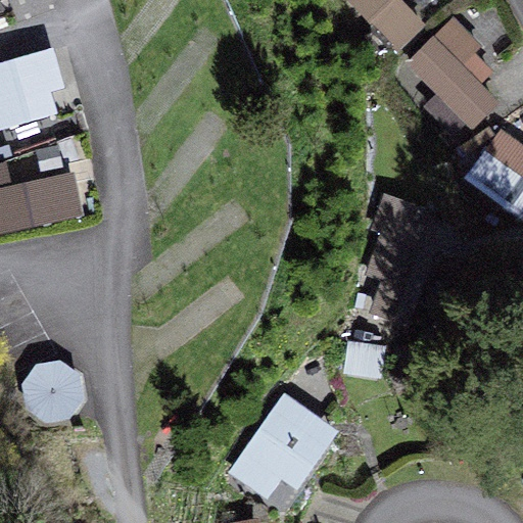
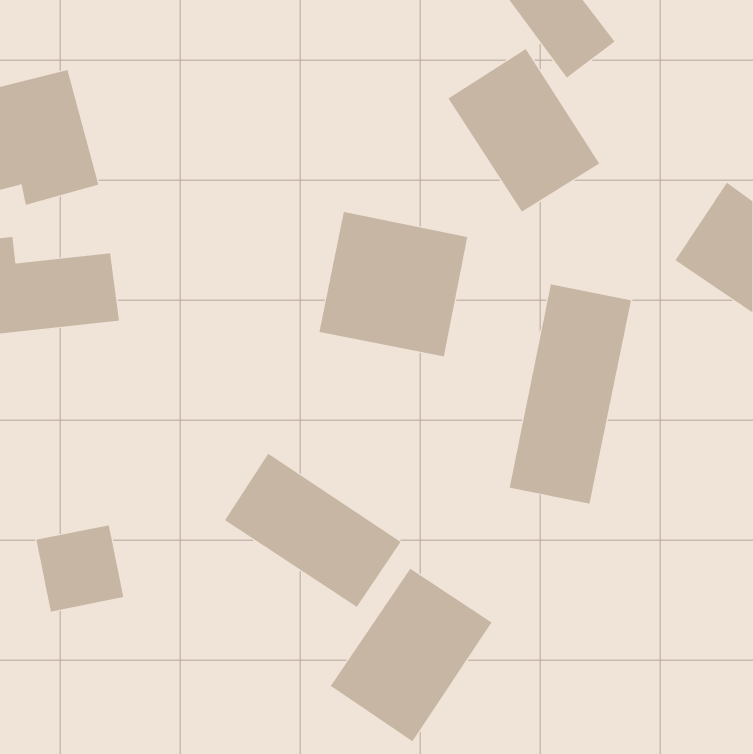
building: [403,20,509,134] -> [448,48,600,212]
building: none -> [319,211,468,357]
building: none -> [224,453,401,608]

